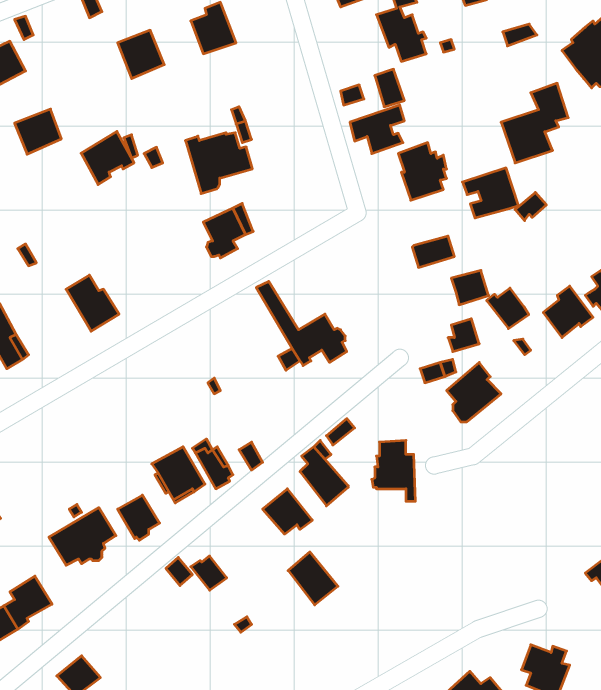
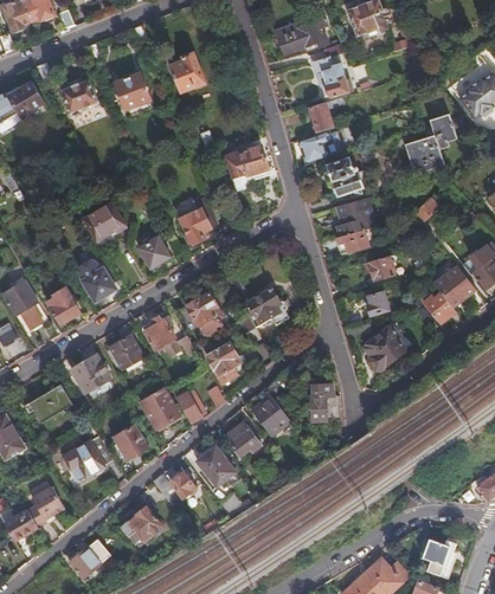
building: [15,109,61,154] -> [59,79,95,114]
building: [81,131,134,185] -> [83,202,123,243]
building: [185,133,252,194] -> [224,147,275,193]
building: [462,168,519,218] -> [329,198,372,235]
building: none -> [139,235,169,267]
building: [487,288,529,329] -> [423,291,455,322]
building: none -> [45,286,81,324]
building: none -> [187,292,224,337]
building: none -> [135,312,176,349]
building: none -> [110,334,143,374]
building: none -> [205,343,239,382]
building: none -> [72,354,110,392]
building: none -> [33,382,73,421]
building: [288,552,338,605] -> [197,445,234,485]
building: none -> [120,505,161,547]

